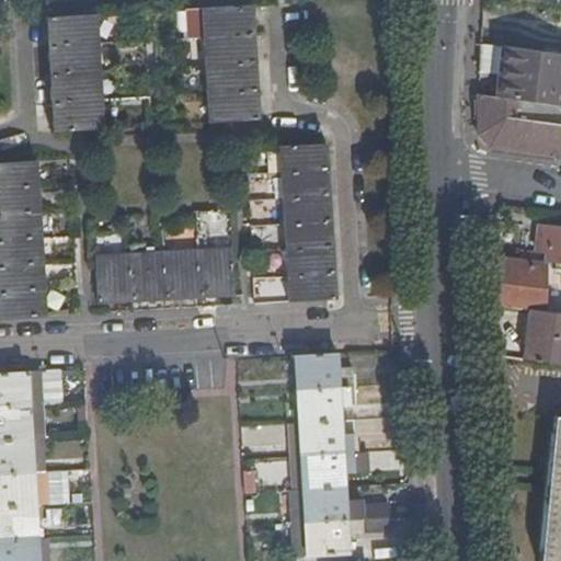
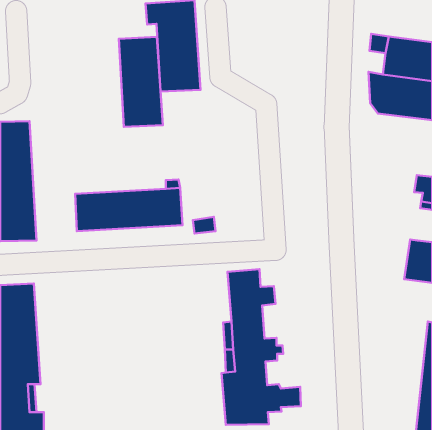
building: [46,13,103,129] -> [119,37,163,127]
building: [279,144,337,300] -> none
building: [496,265,541,314] -> none

